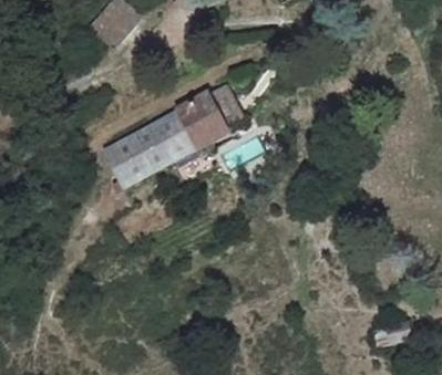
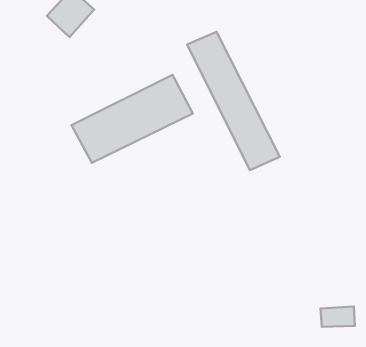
building: none -> [187,32,280,170]

